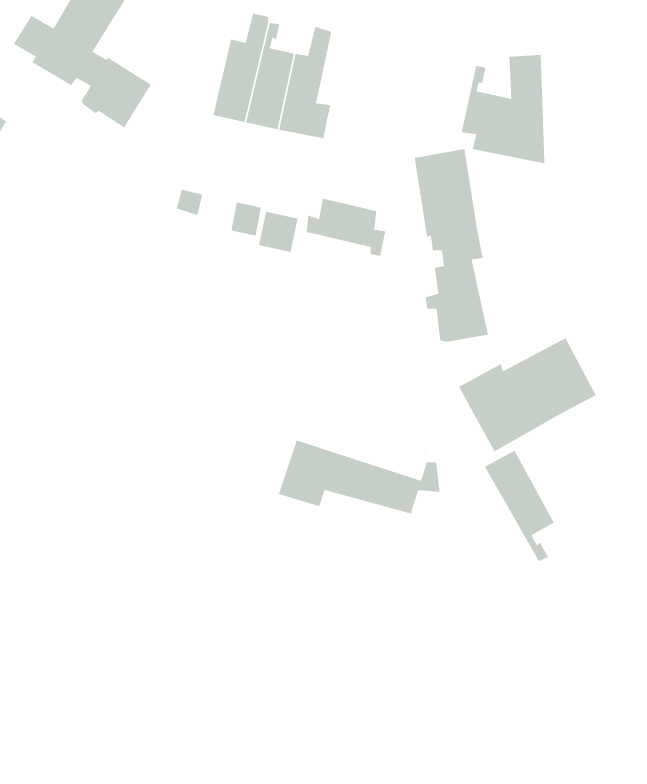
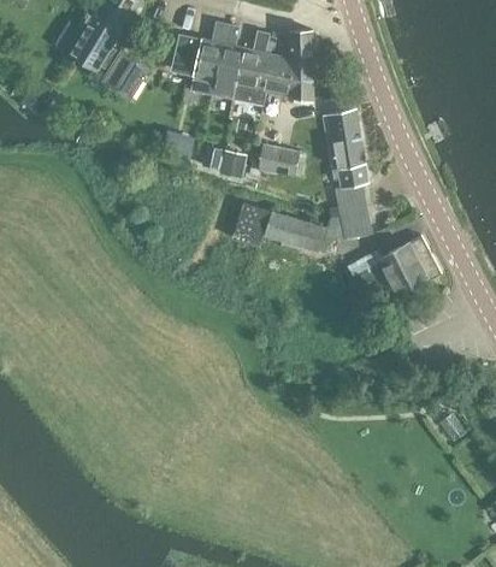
building: none -> [172,35,202,77]
building: [461,54,545,164] -> [259,29,314,101]
building: [278,440,441,515] -> [232,202,339,252]
building: [484,449,555,562] -> none

